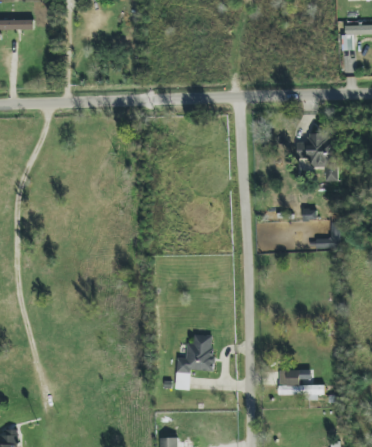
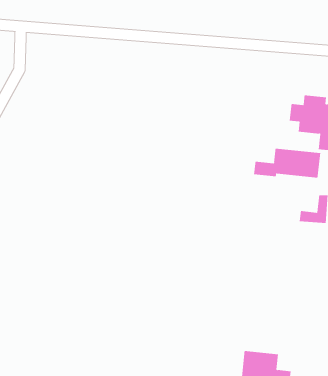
building: none -> [254,148,321,179]
building: [174,334,213,389] -> none

